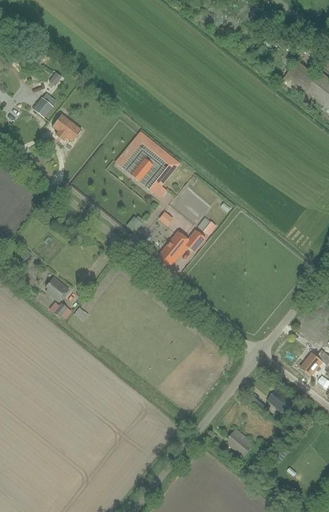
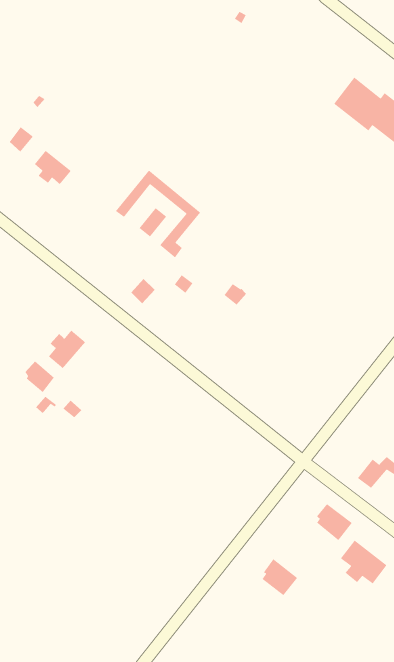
building: [157,229,204,264] -> none
building: none -> [48,330,86,369]
building: none -> [340,539,387,584]

